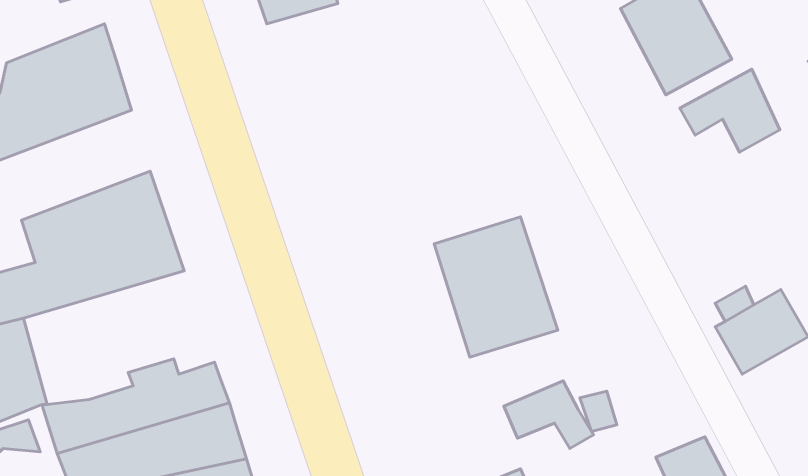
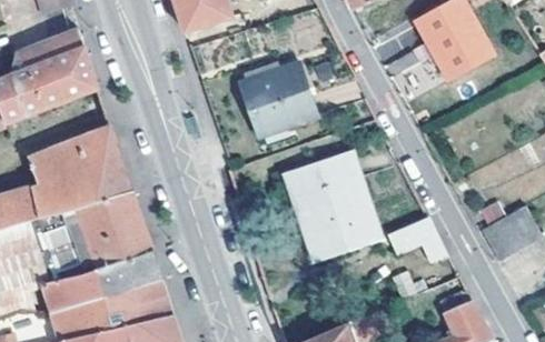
building: [680,69,780,152] -> none
building: none -> [239,61,317,137]
building: none -> [24,192,150,280]
building: [504,381,594,448] -> [388,218,447,262]

